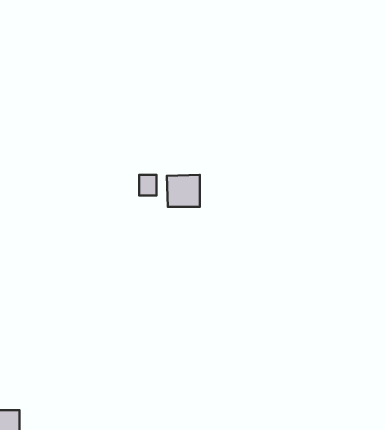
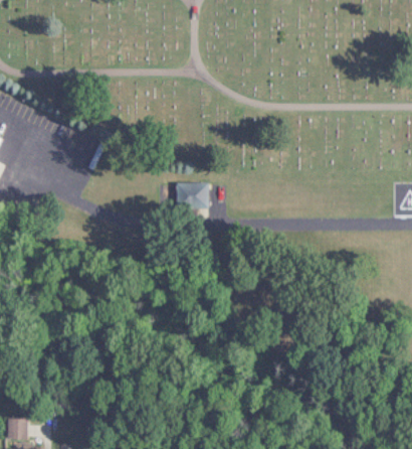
building: [139,175,157,196] -> none

